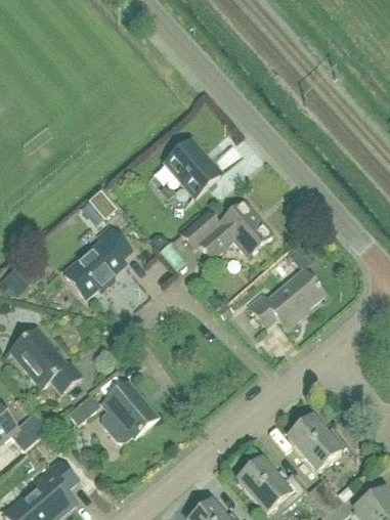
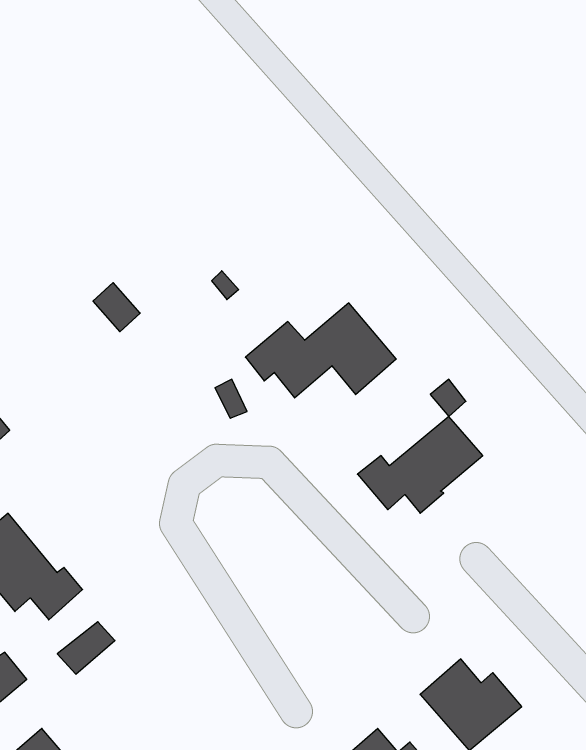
building: [164,141,219,198] -> none
building: [63,225,131,298] -> none
building: [103,381,158,439] -> none

